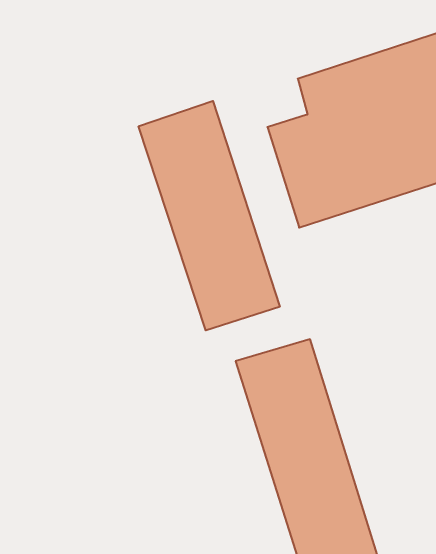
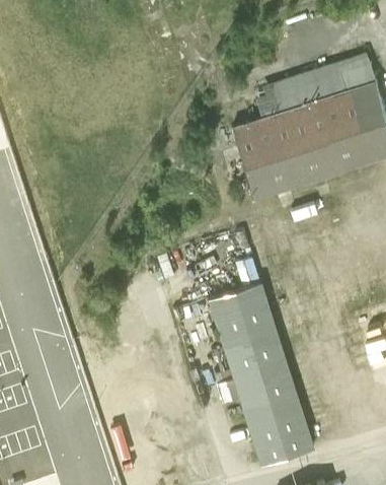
building: [139,101,280,330] -> none

